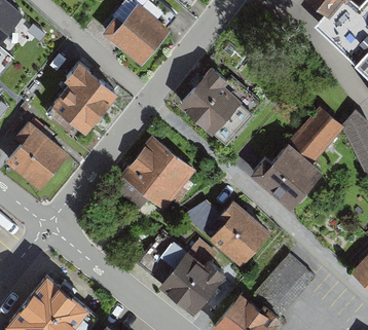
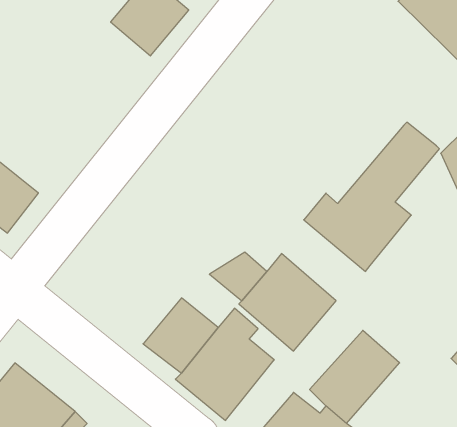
building: [173,69,249,143] -> none
building: [56,71,117,133] -> none
building: [113,139,196,212] -> none

